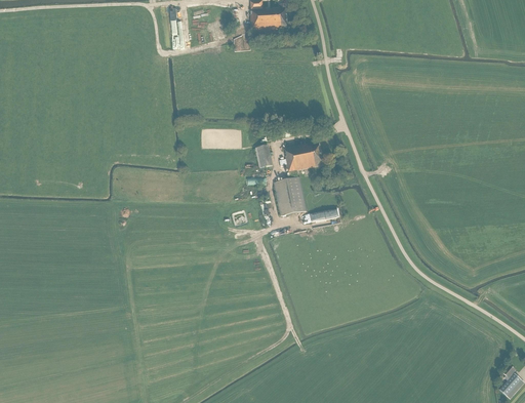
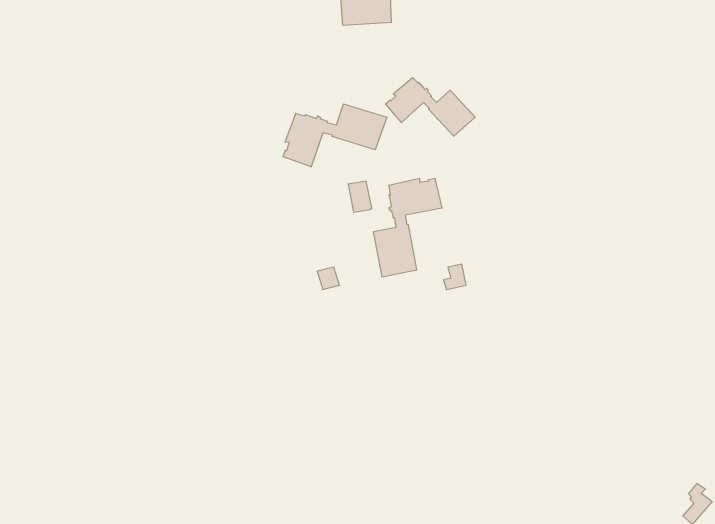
building: none -> [386,78,475,136]
building: none -> [283,104,387,167]

